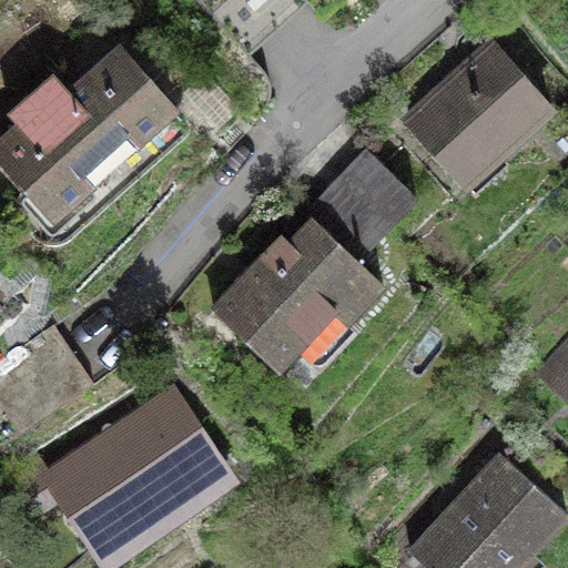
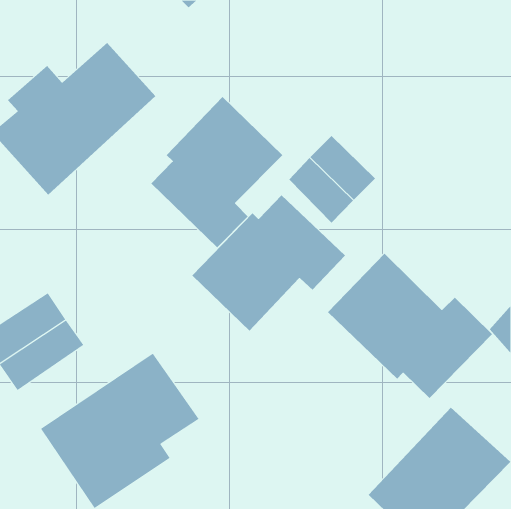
building: [408,47,547,183] -> none
building: none -> [151,96,283,248]
building: none -> [327,253,493,399]

